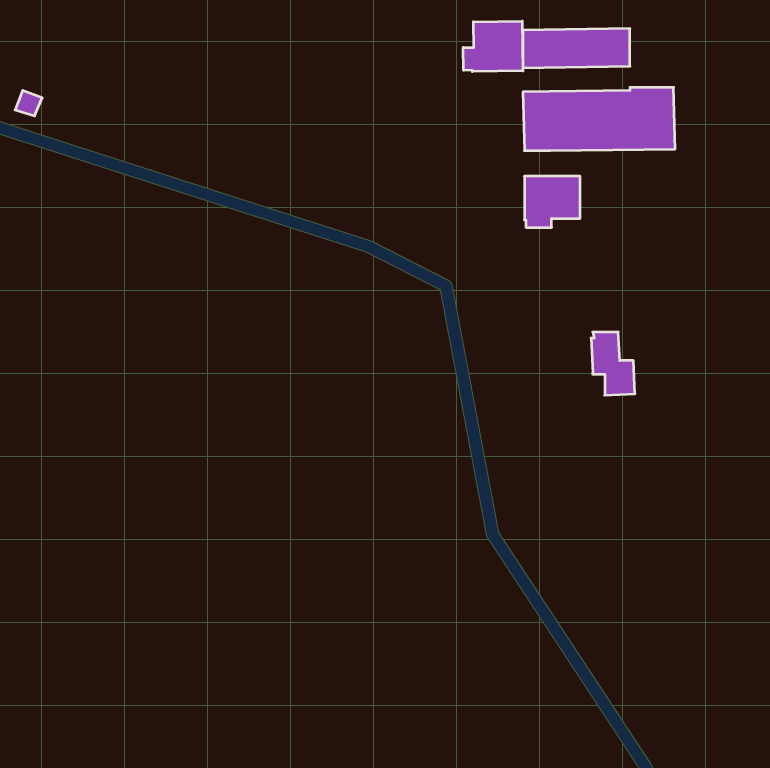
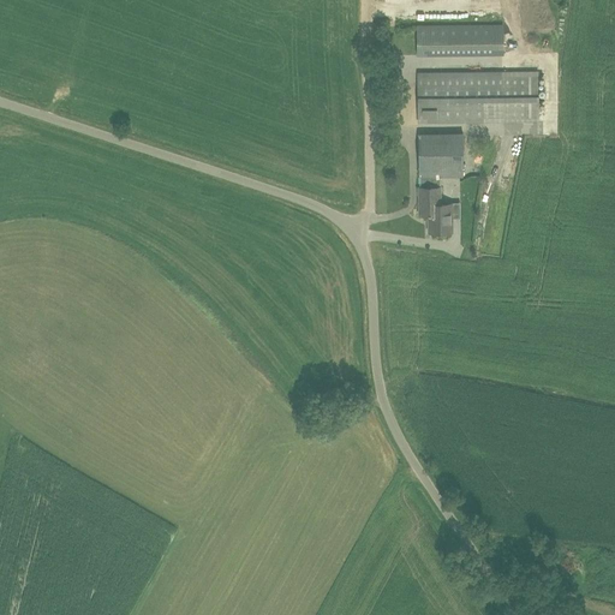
building: [463,21,523,72] -> none
building: [591,332,635,395] -> [418,181,453,232]

